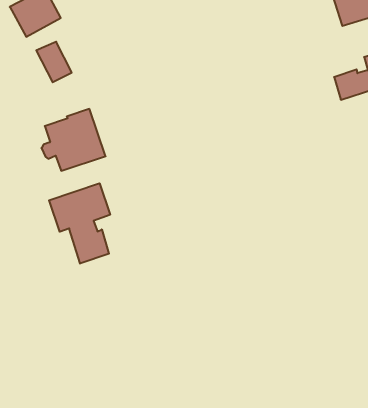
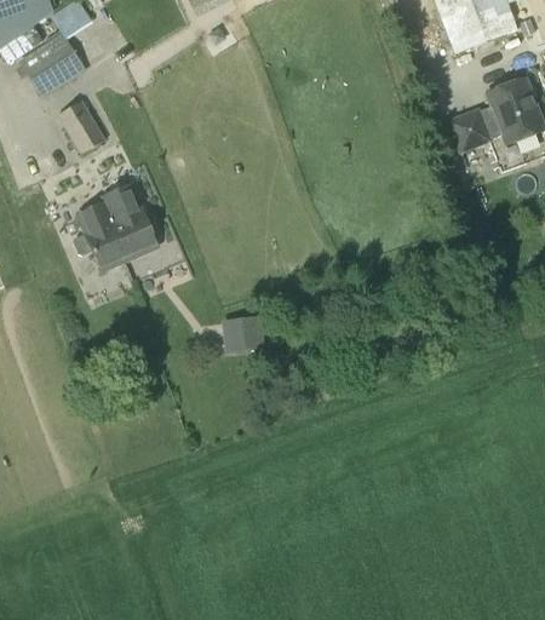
building: [49,183,110,264] -> none
building: none -> [233,311,260,348]

